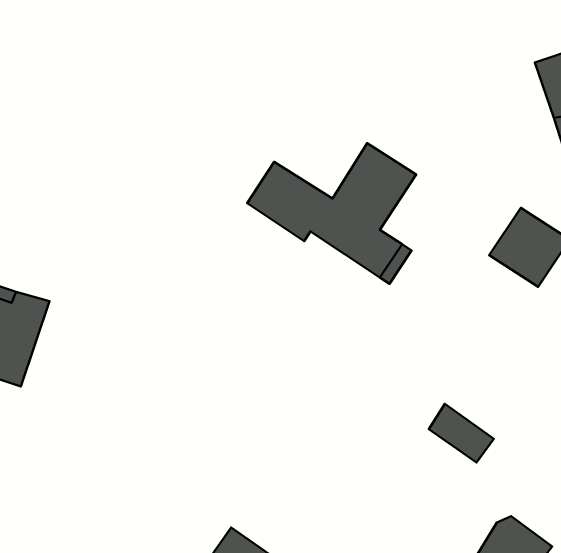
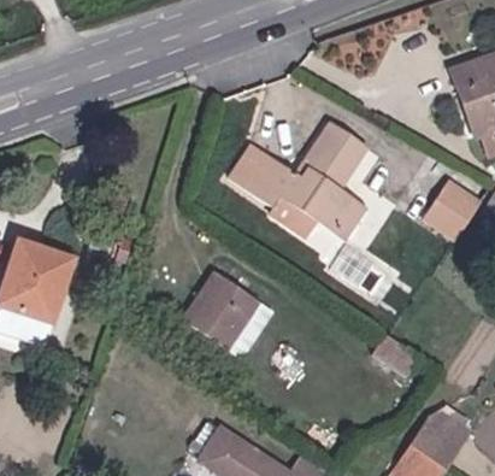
building: none -> [181,269,269,353]

